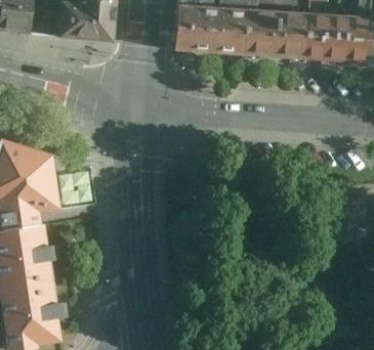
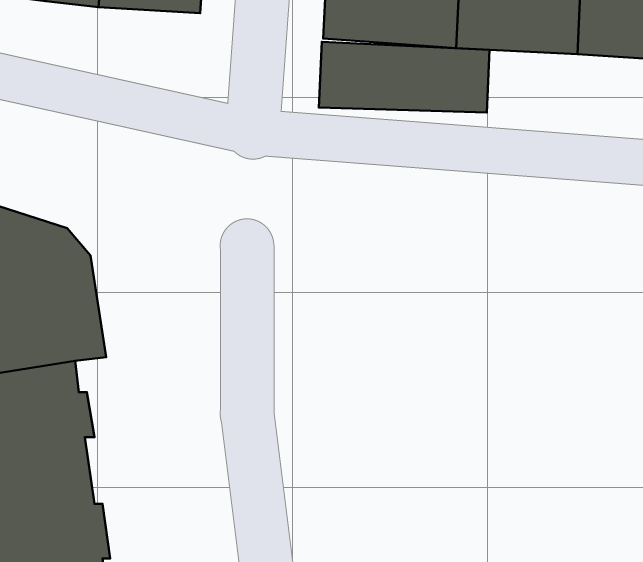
building: none -> [319,42,489,113]

